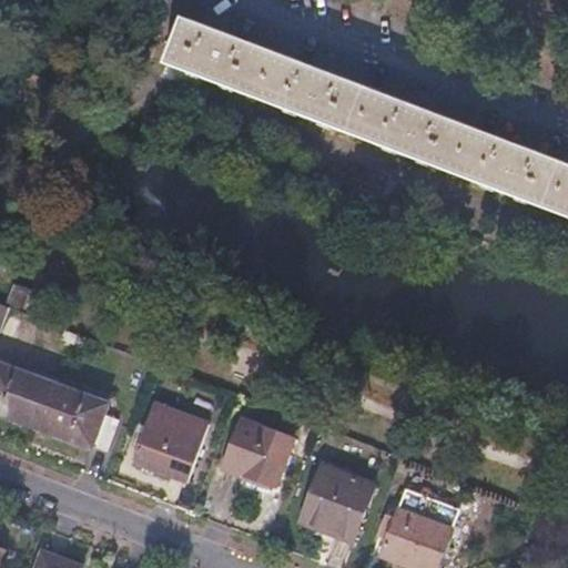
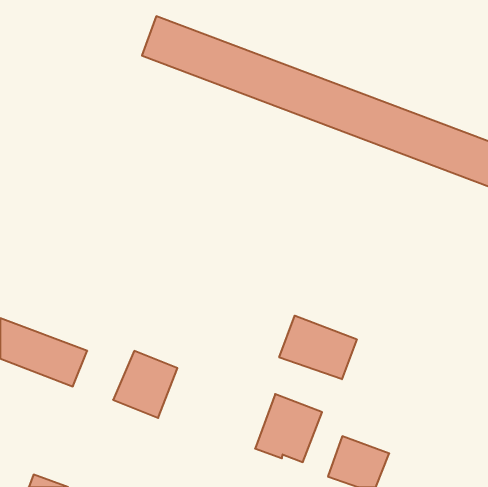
building: none -> [279,316,357,379]
building: [222,419,292,485] -> none

